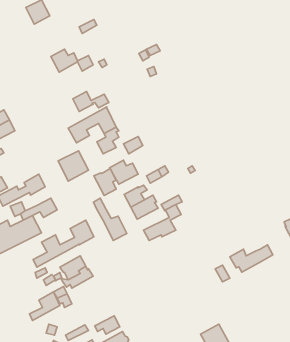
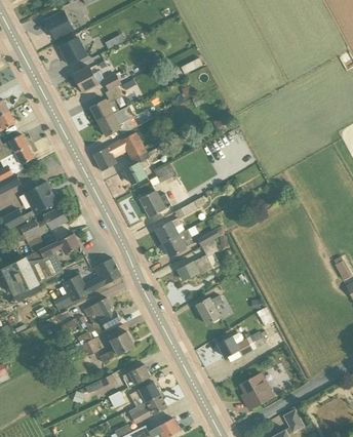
building: none -> [58,36,86,64]
building: none -> [90,86,121,121]
building: [58,151,88,181] -> [24,181,57,214]
building: [94,169,116,196] -> none
building: [93,198,127,240] -> none
building: [230,245,273,272] -> [217,330,265,361]
building: none -> [196,294,222,323]
building: [30,292,60,320] -> [100,330,133,362]

